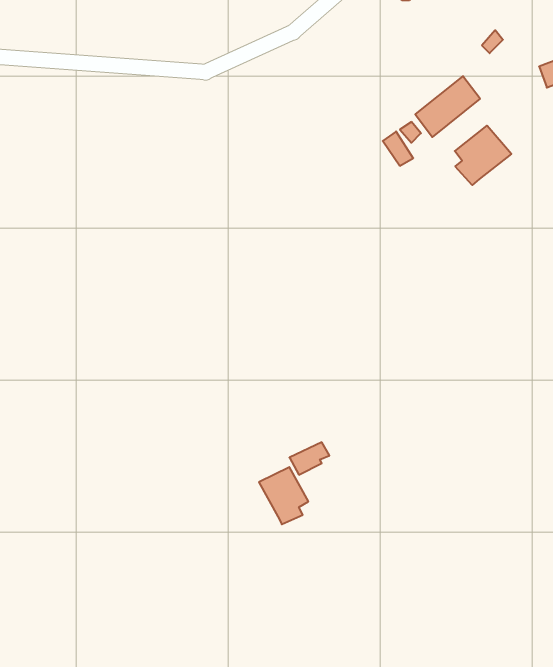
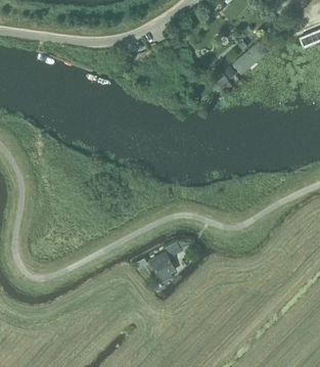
building: [455,126,511,185] -> none

